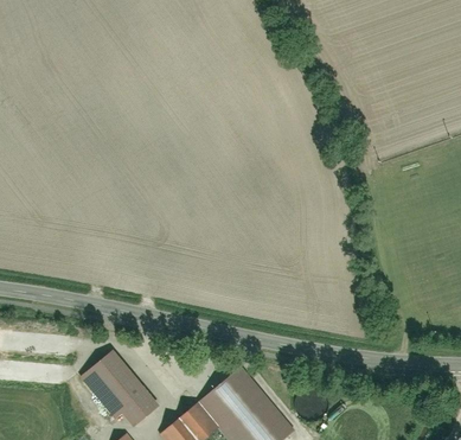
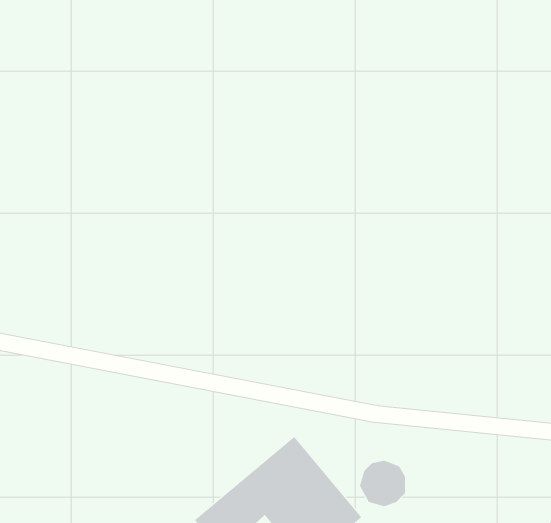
building: [79,350,158,422] -> none

